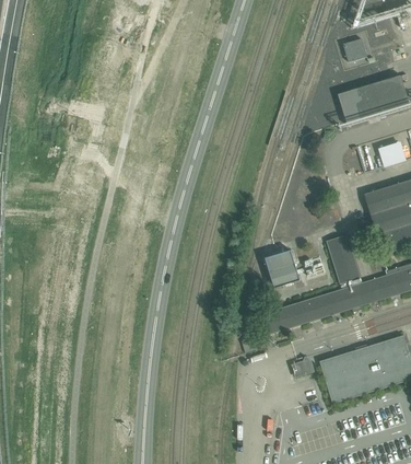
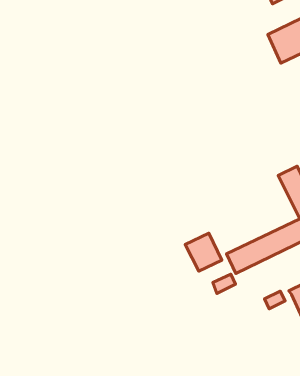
building: [265,250,300,287] -> [185,233,222,271]

